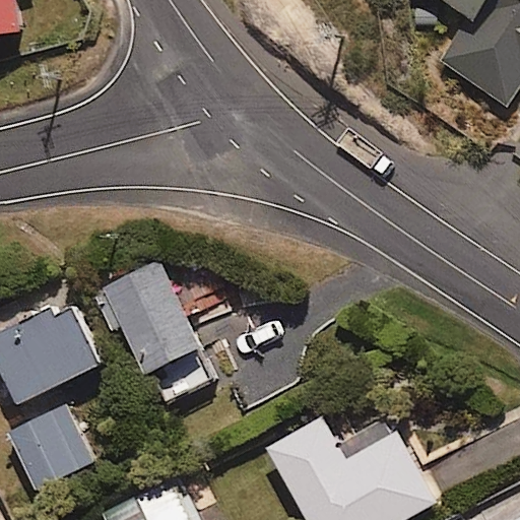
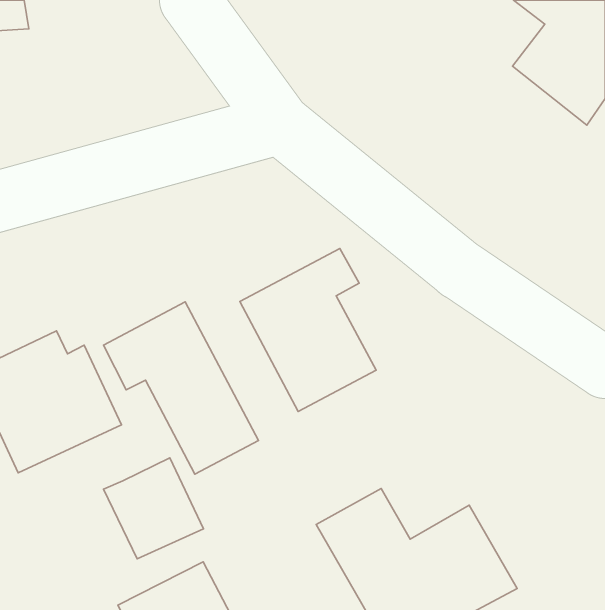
building: none -> [240,248,376,412]
building: [8,403,92,489] -> [104,458,203,559]

